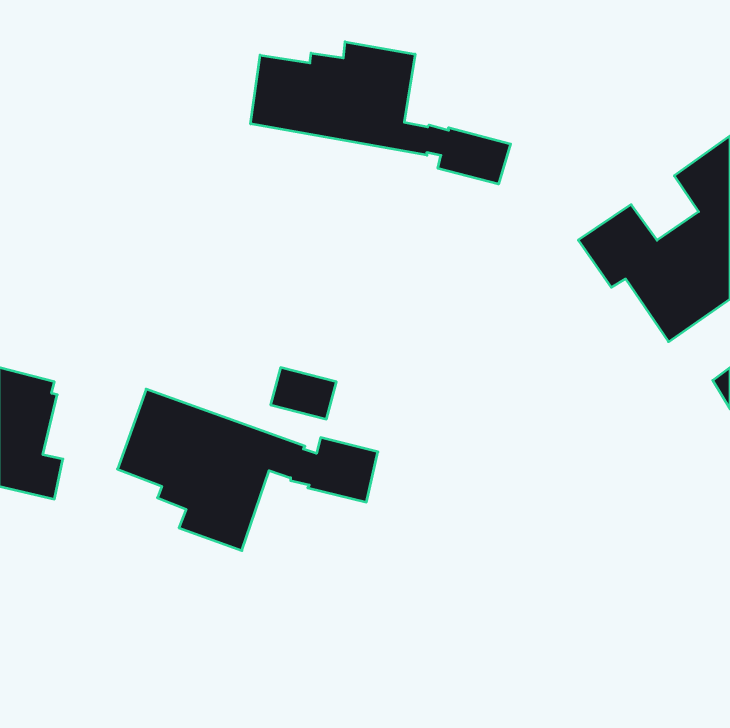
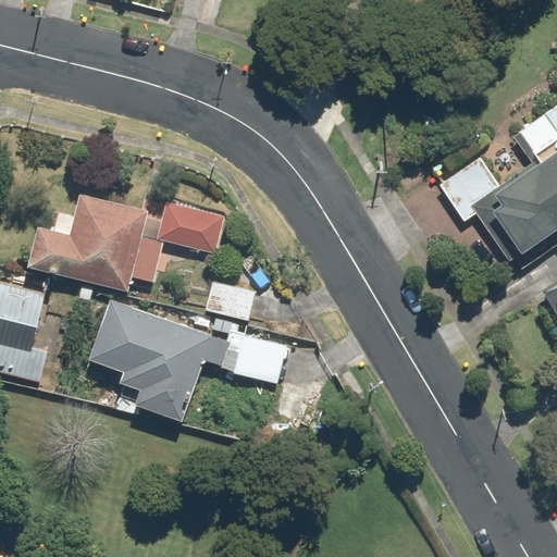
building: [251,42,511,184] -> none
building: none -> [28,194,224,292]

